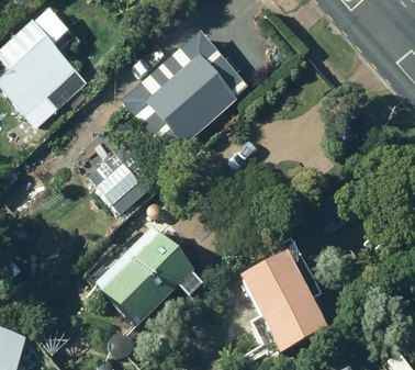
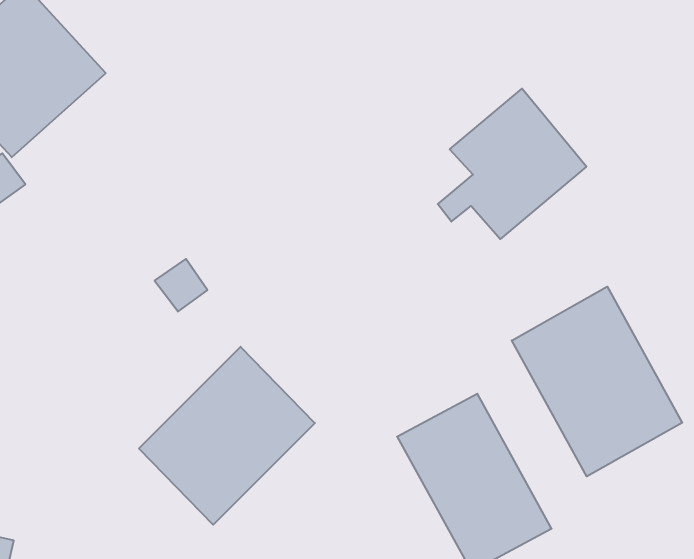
building: [147,56,231,141] -> [438,89,586,239]
building: none -> [512,287,682,476]

